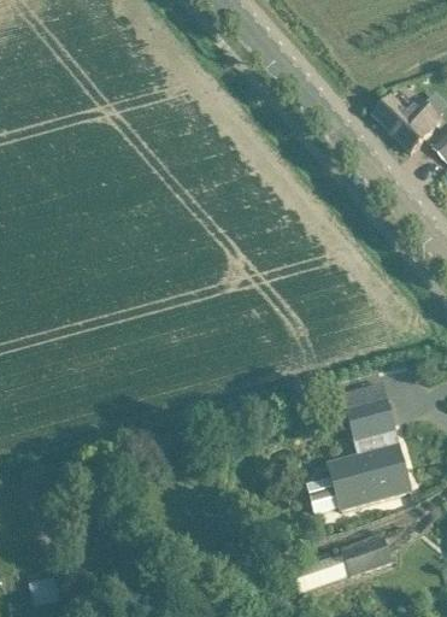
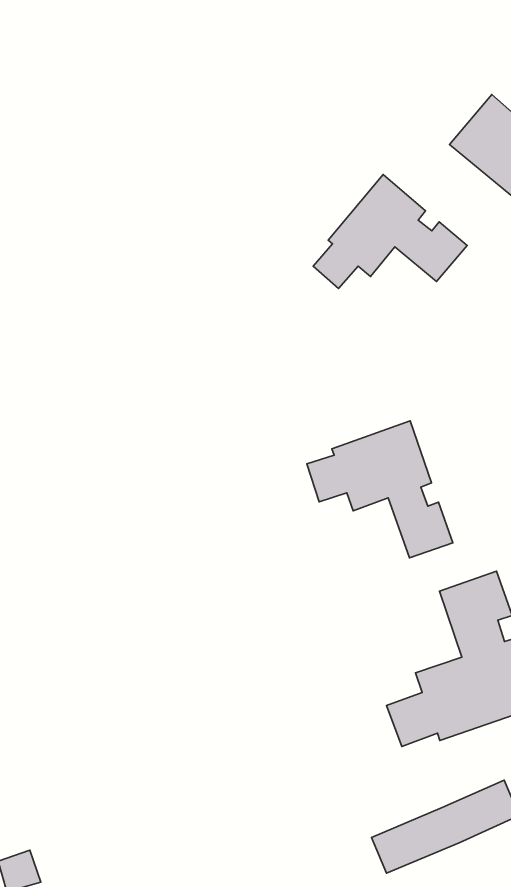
building: none -> [313,174,467,289]
building: none -> [307,421,453,558]

